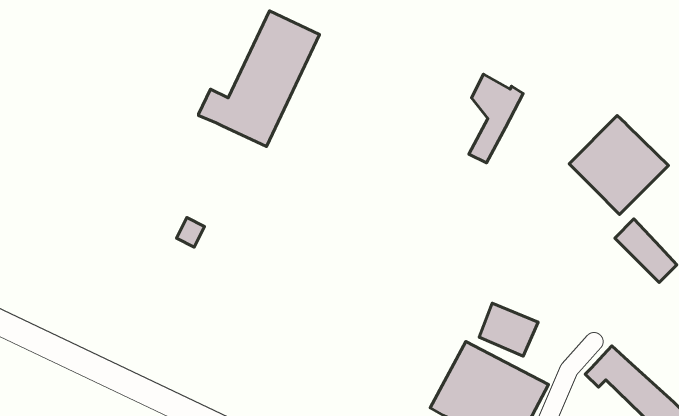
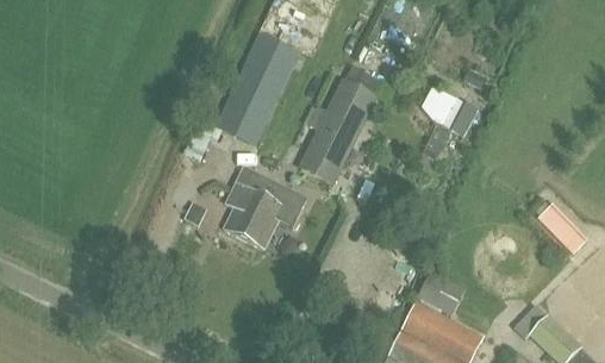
building: none -> [298,77,378,184]
building: [569,115,668,214] -> none
building: none -> [223,167,307,249]

